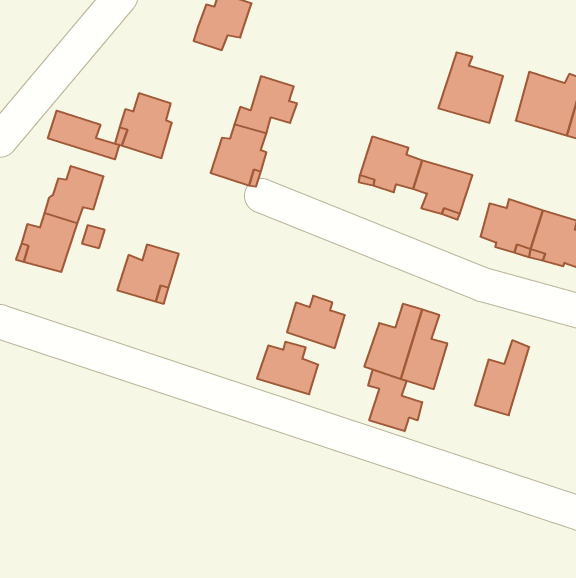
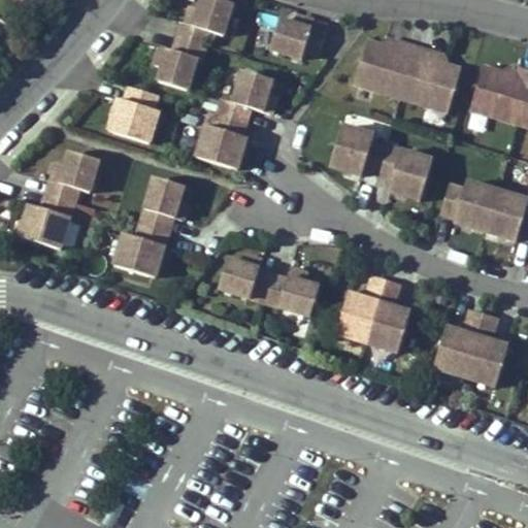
building: none -> [271,16,328,59]
building: none -> [156,37,206,91]
building: none -> [354,41,419,98]
building: [48,111,119,159] -> none
building: none -> [138,178,186,230]
building: [257,342,318,394] -> [218,254,273,301]
building: none -> [466,315,508,387]
building: [368,370,422,431] -> none

